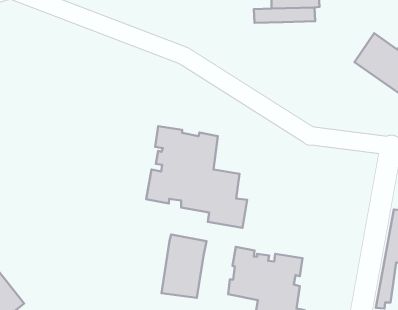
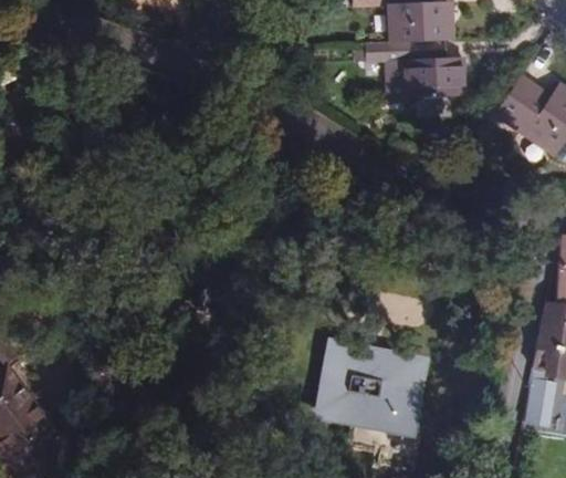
building: none -> [402,58,463,94]
building: [146,126,247,228] -> none
building: [162,235,206,298] -> none

